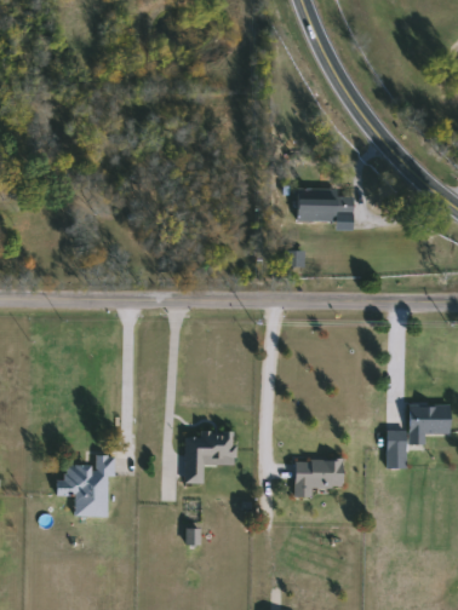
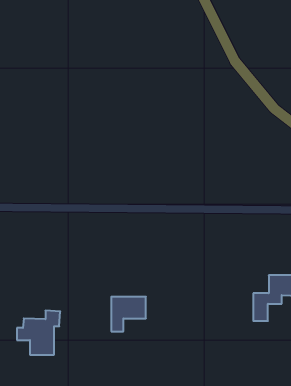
building: [297,188,354,218] -> none
building: [294,460,344,497] -> none

